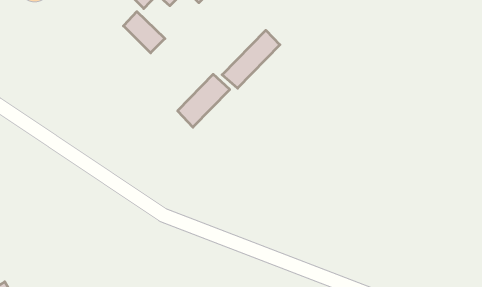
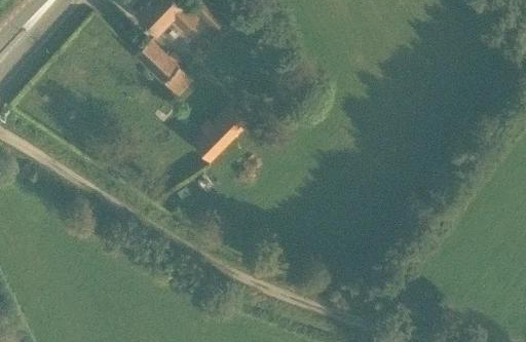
building: [222,30,280,88] -> none

